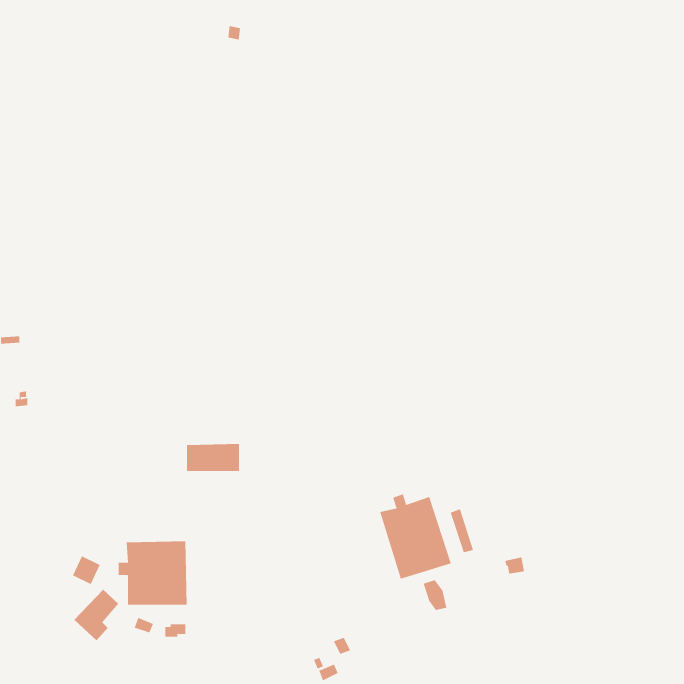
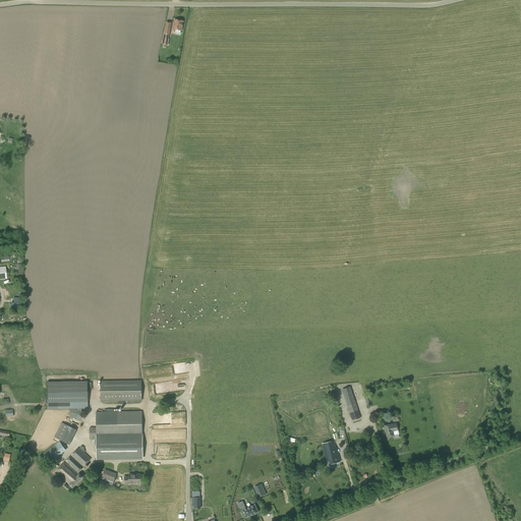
building: [186,443,240,472] -> [101,380,141,401]
building: [380,494,452,580] -> none
building: none -> [47,382,88,403]

